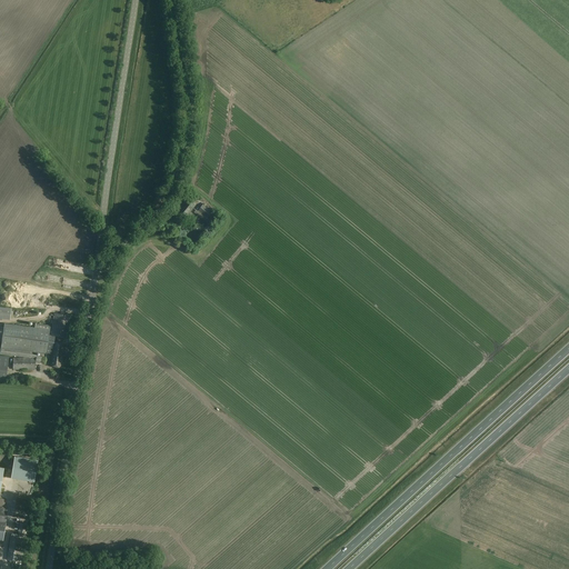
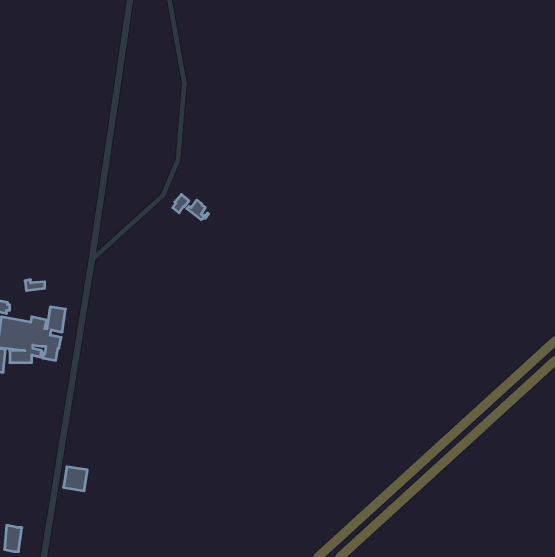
building: [8,456,32,480] -> [63,467,87,491]

